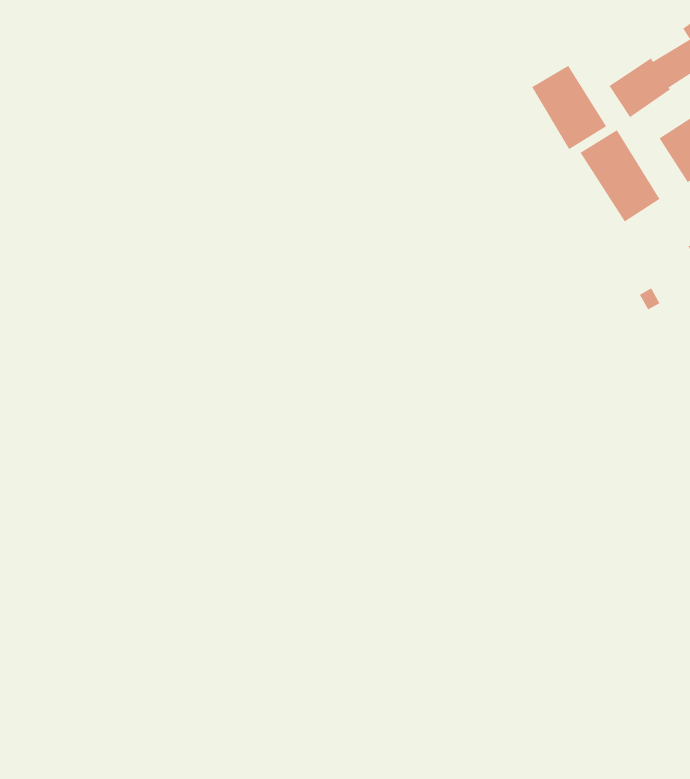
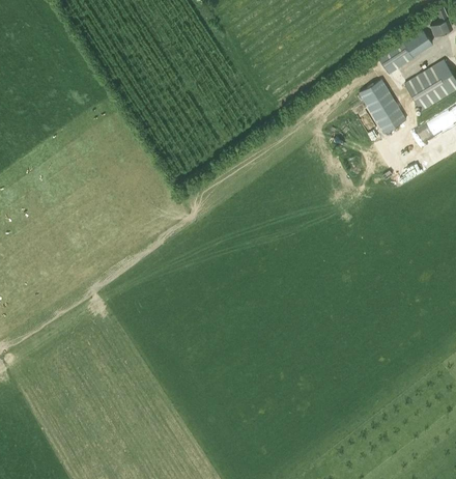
building: [531,65,607,150] -> none

